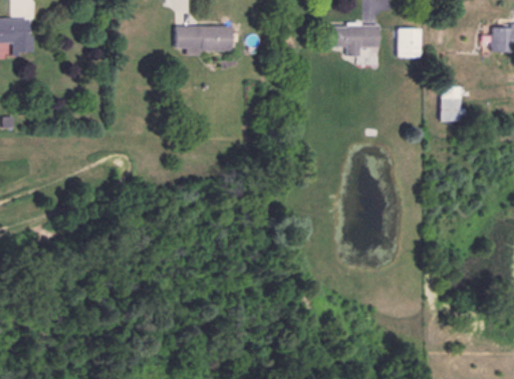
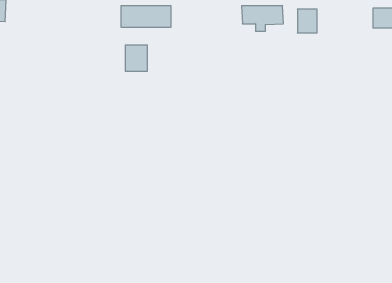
building: none -> [125,45,147,71]
building: [437,86,457,121] -> none

